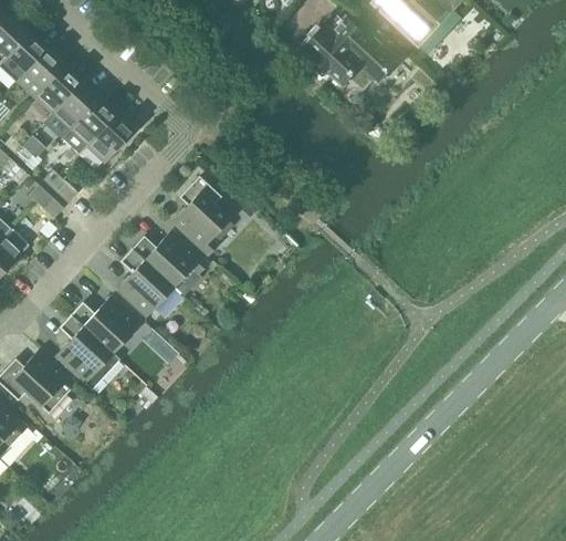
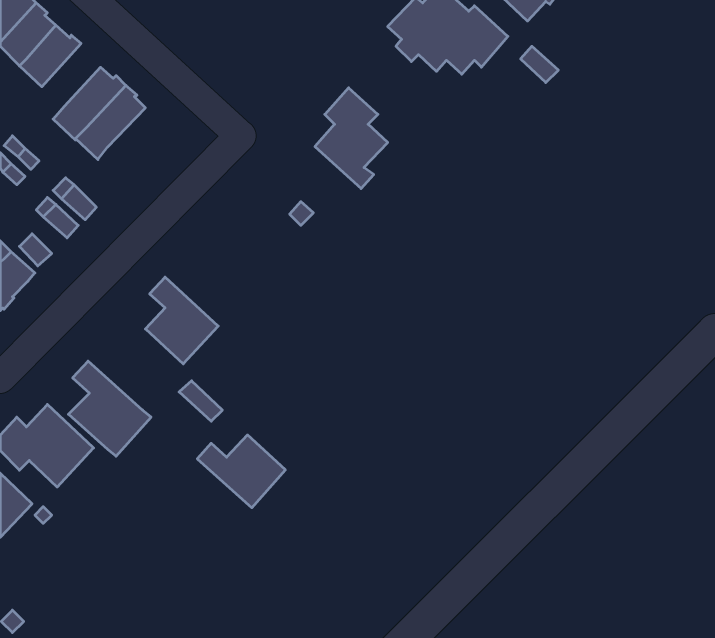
building: [33,64,80,114] -> none
building: [85,114,134,164] -> none
building: [172,177,230,257] -> [315,88,388,189]
building: [130,230,207,288] -> none
building: [70,296,139,354] -> [197,435,285,508]

